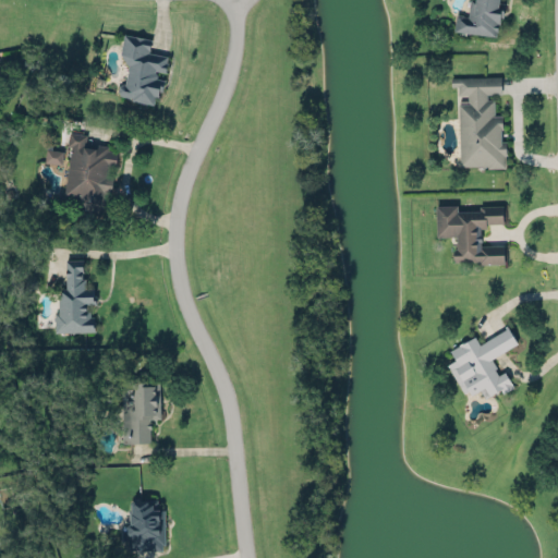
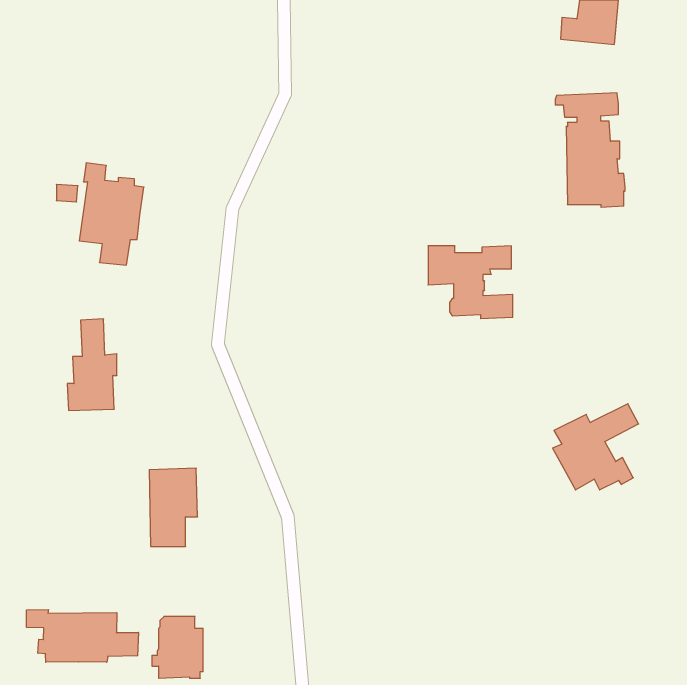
building: [118,35,167,106] -> none
building: [436,207,505,266] -> [428,246,513,319]
building: none -> [27,610,138,662]

